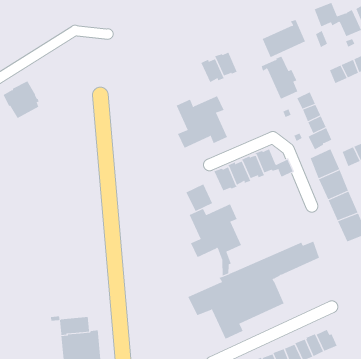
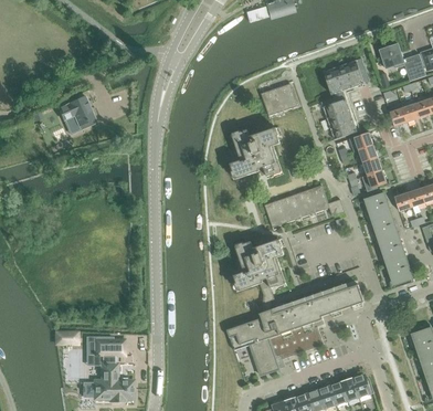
building: [185,183,213,212] -> none

